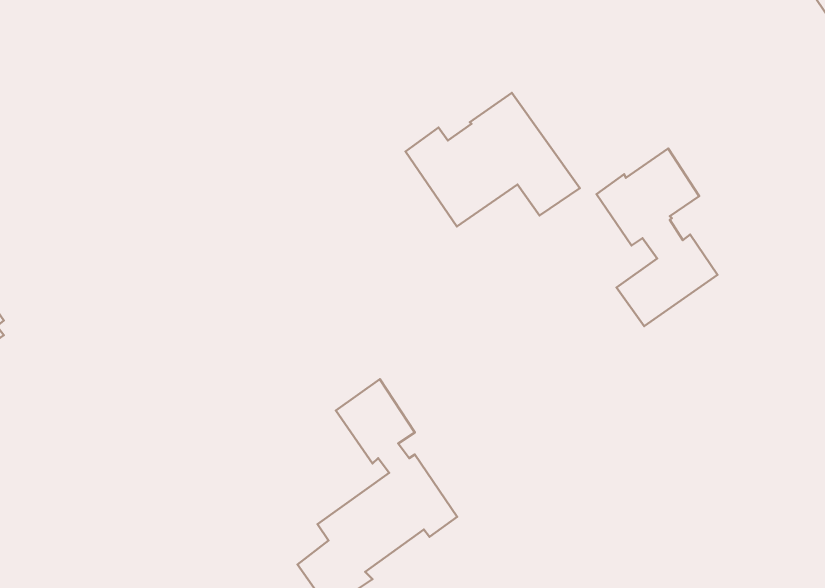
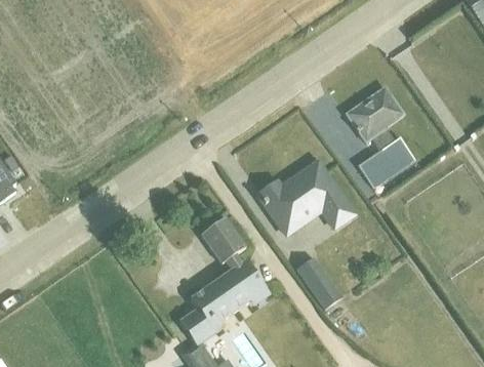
building: [406,93,580,227] -> [257,161,355,236]
building: none -> [296,256,340,309]

